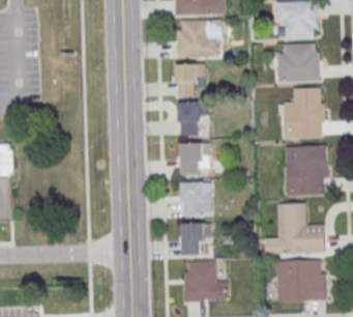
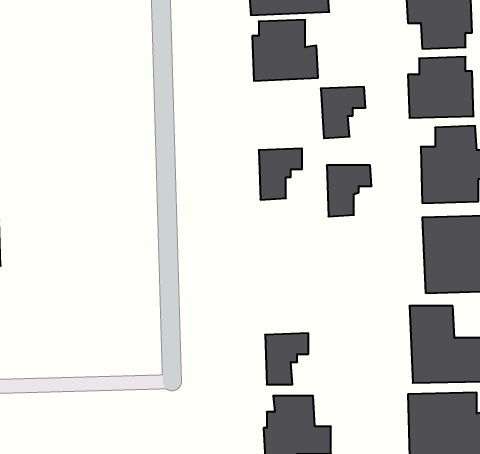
building: [177,62,206,95] -> [321,87,366,138]
building: [182,141,211,174] -> [327,165,372,217]
building: [183,180,212,215] -> none

